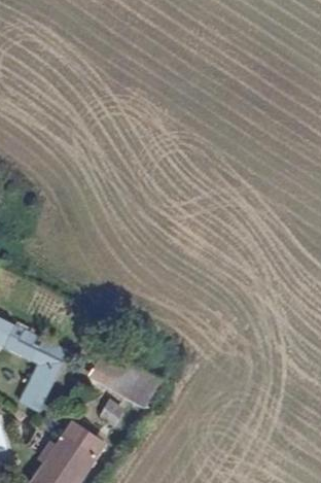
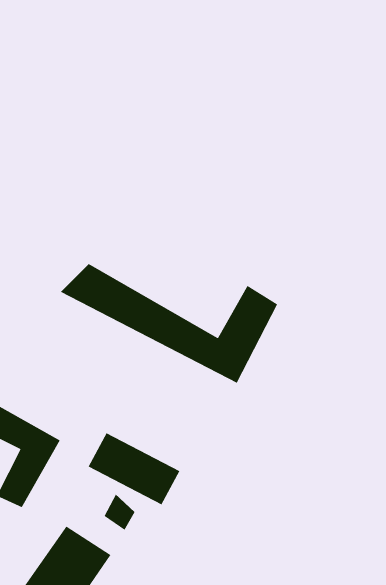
building: none -> [60,263,278,384]

